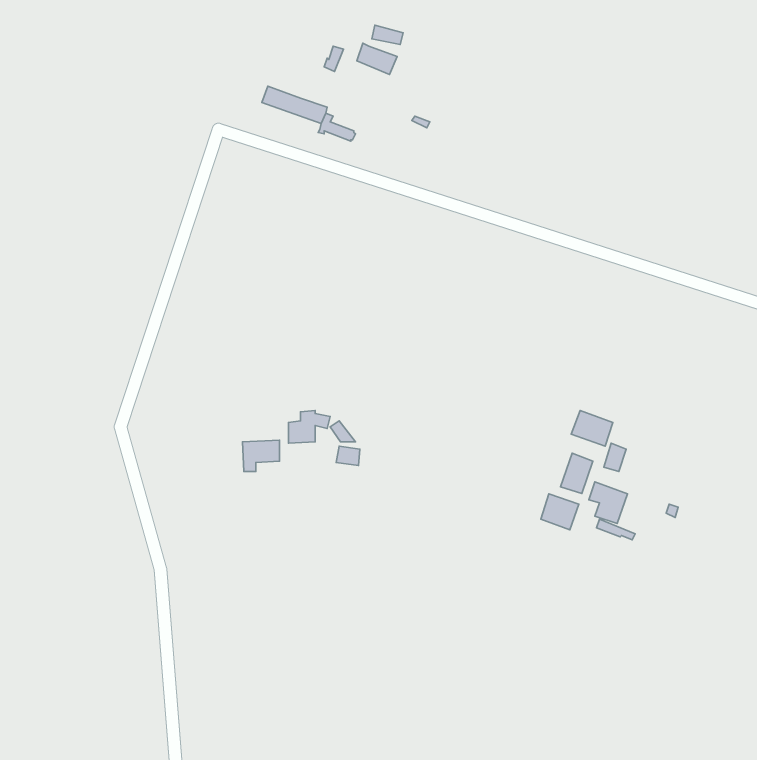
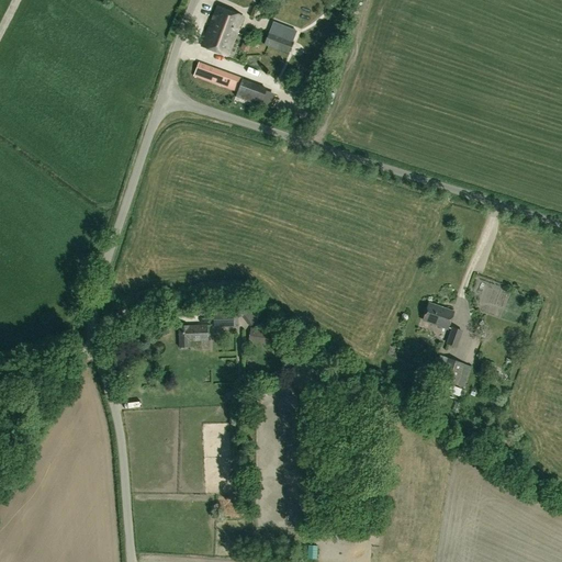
building: none -> [203,7,245,56]
building: [560,453,593,494] -> none
building: [541,494,579,530] -> none

